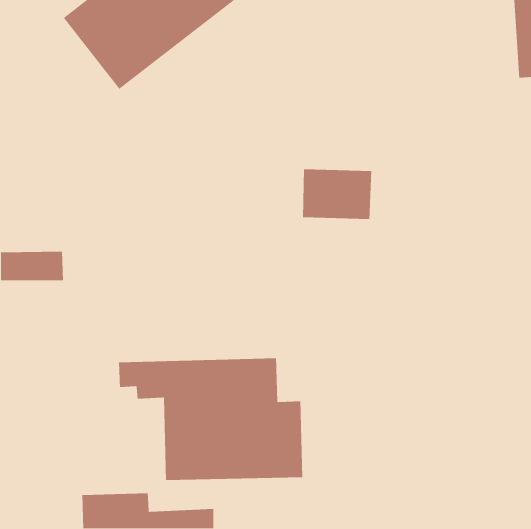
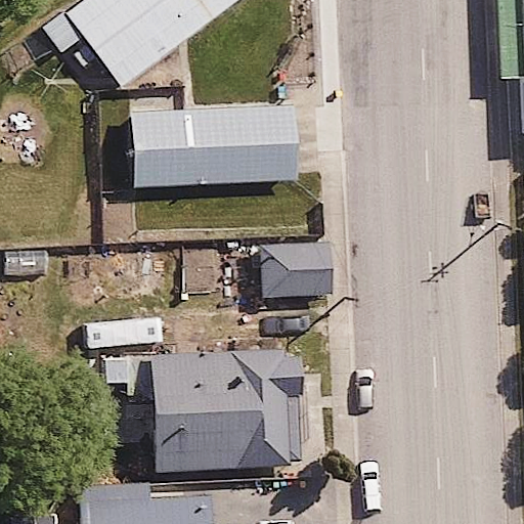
building: none -> [133,112,288,182]
building: [302,169,372,220] -> [268,241,337,291]

